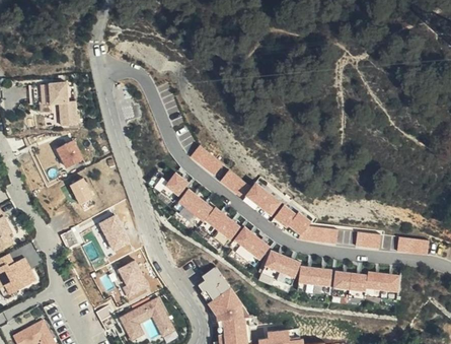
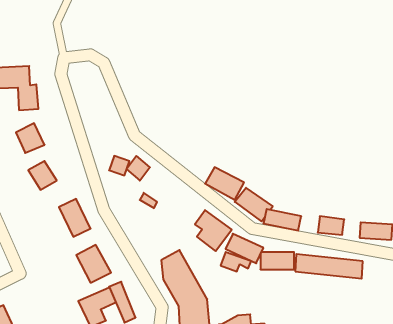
building: [189,145,223,177] -> none
building: [219,170,250,198] -> none
building: [178,187,240,242] -> none

